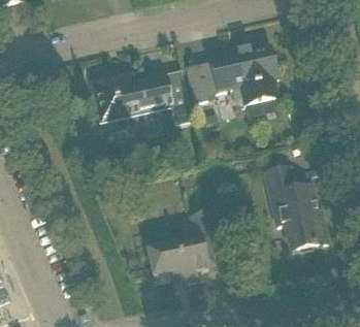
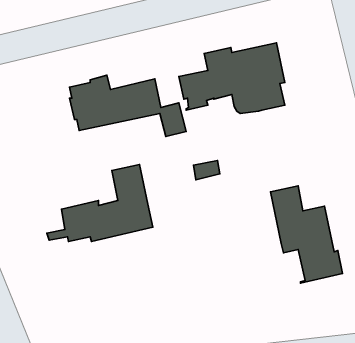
building: [136,209,227,275] -> [47,165,153,241]

